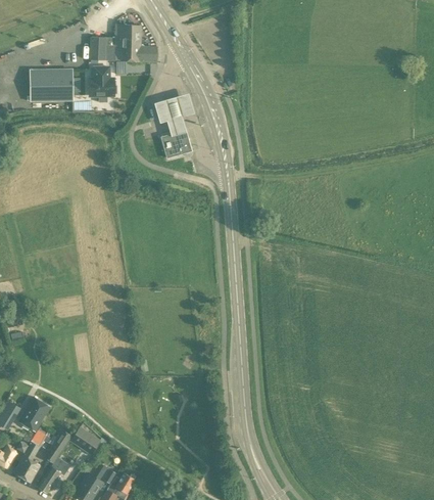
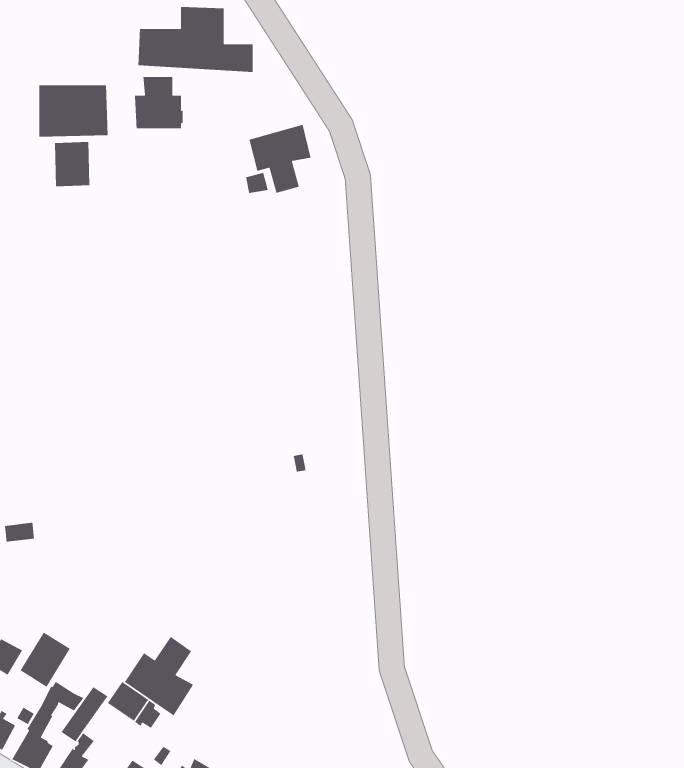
building: none -> [54,141,90,187]
building: [161,131,192,158] -> none
building: none -> [124,636,194,716]

